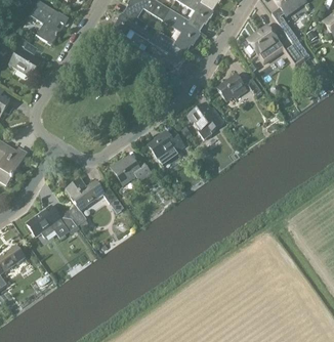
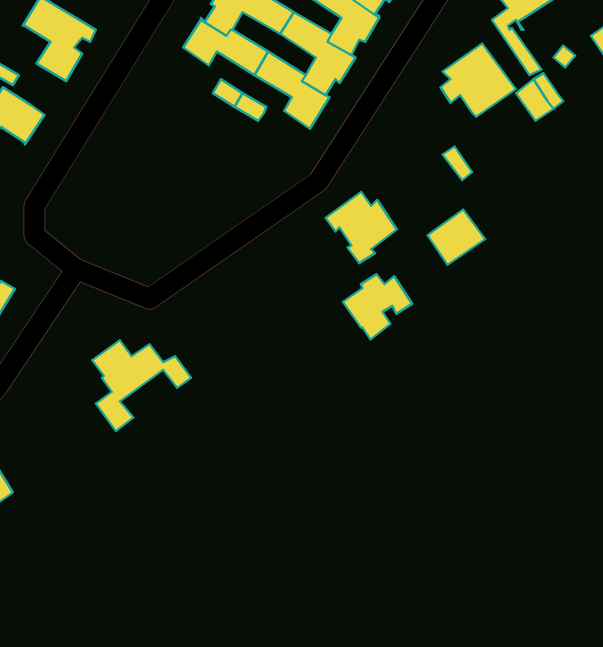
building: [217,73,247,101] -> [428,209,485,265]
building: [149,130,184,164] -> [343,274,412,339]
building: [112,156,151,184] -> none
building: [27,205,78,238] -> none

